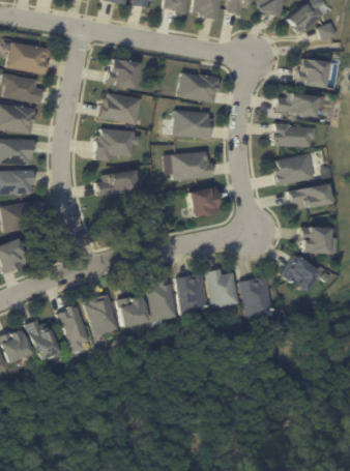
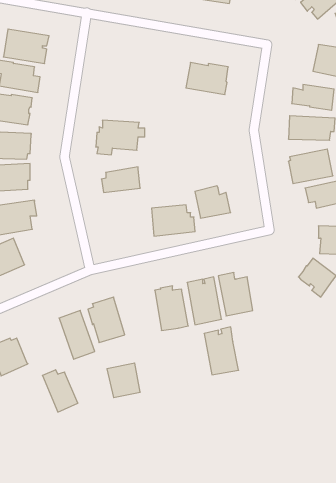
building: [108,59,138,89] -> none
building: [98,94,141,124] -> none
building: [173,111,211,139] -> none
building: [172,150,212,179] -> [152,205,195,236]
building: [240,276,272,321] -> [204,327,239,375]
building: [119,294,150,326] -> [107,363,140,398]
building: [25,319,58,358] -> [42,370,78,412]

